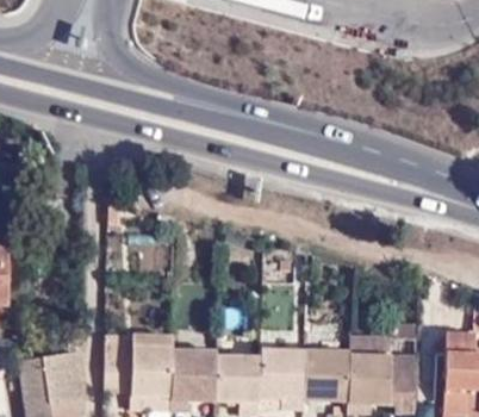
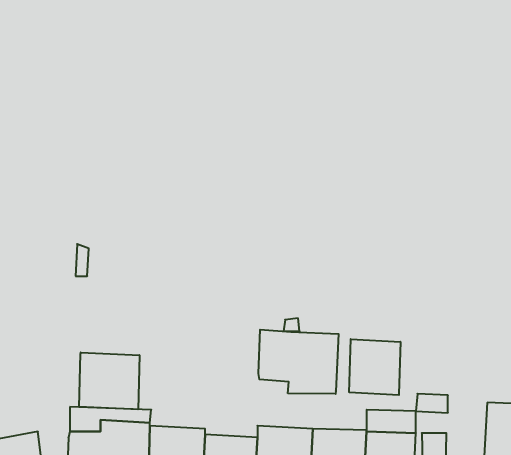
building: none -> [258,330,339,394]
building: none -> [349,339,400,395]
building: none -> [79,352,139,409]

